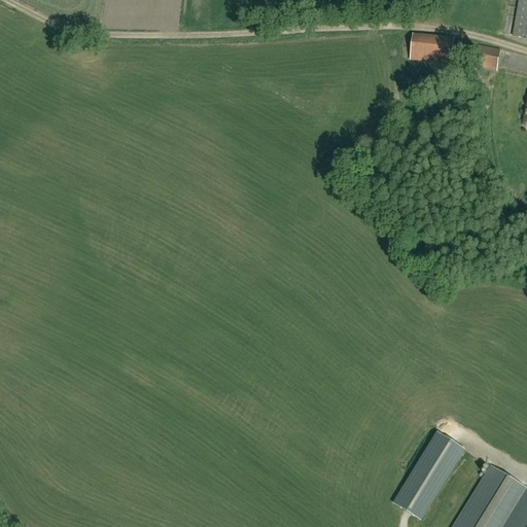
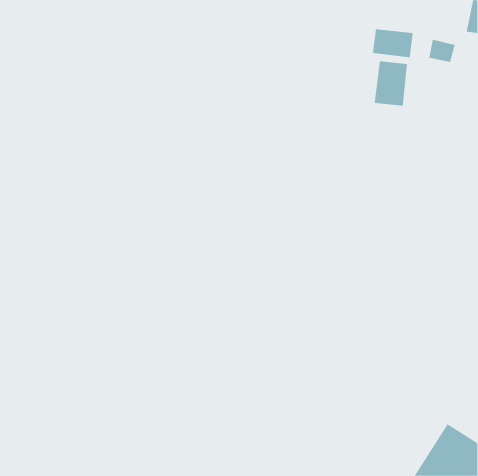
building: none -> [374,61,407,107]
building: [394,432,464,519] -> none

